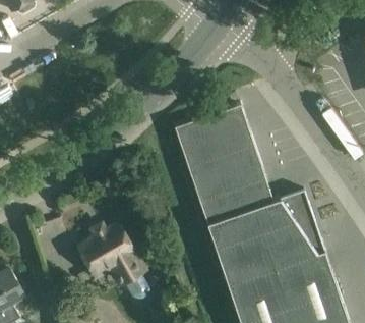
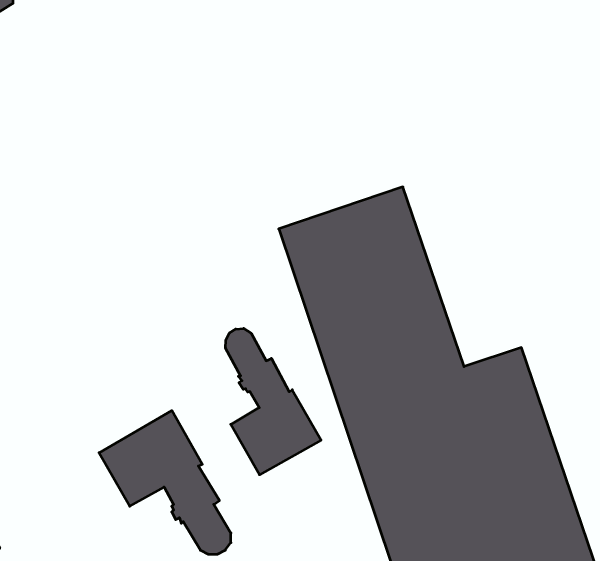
building: none -> [226,328,321,475]

